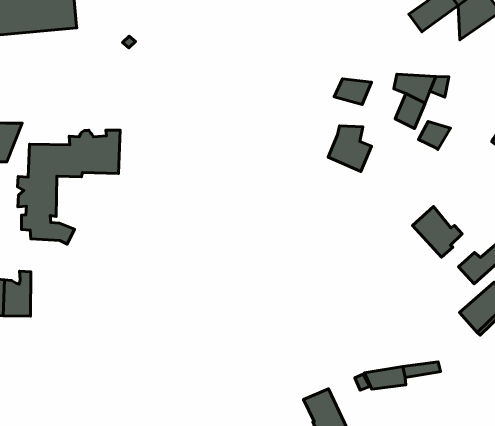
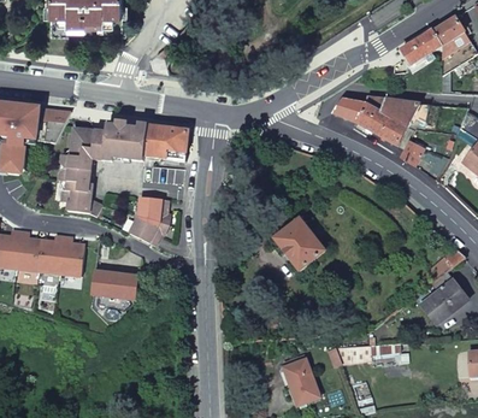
building: [328,126,372,171] -> [354,95,391,135]
building: none -> [144,124,189,165]
building: [413,207,462,257] -> none
building: none -> [129,196,170,245]
building: none -> [273,214,325,269]
building: none -> [60,236,84,276]
building: none -> [92,269,138,299]

